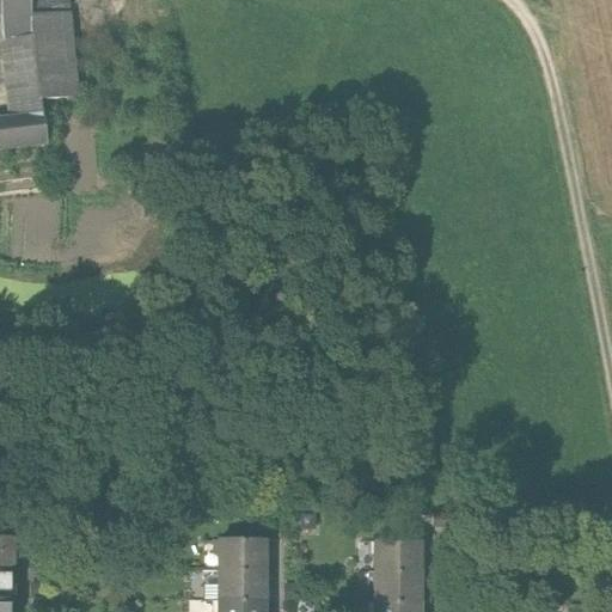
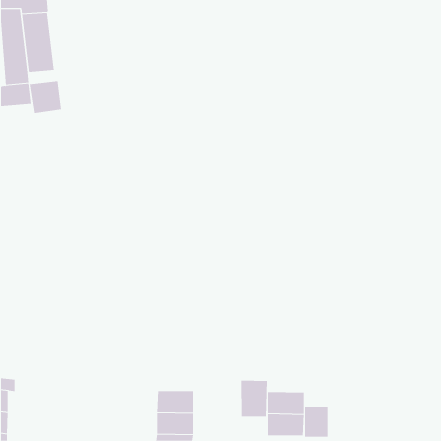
building: none -> [29,80,61,114]
building: none -> [241,380,267,417]
building: none -> [304,406,328,438]

